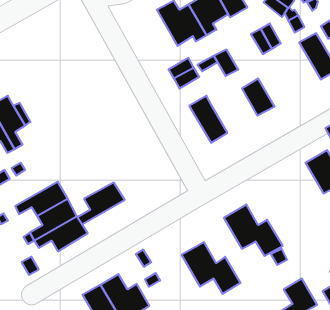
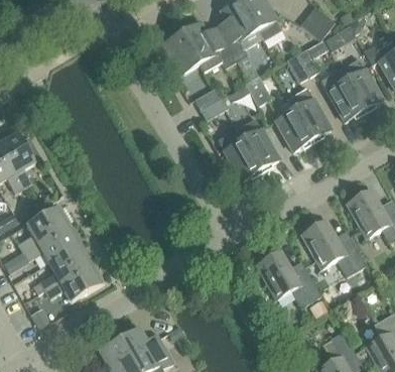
building: none -> [162,32,200,75]
building: none -> [321,69,364,121]
building: none -> [288,88,331,140]
building: none -> [237,117,279,169]
building: [78,183,125,224] -> [19,205,72,251]
building: [182,242,241,294] -> [301,219,367,276]

